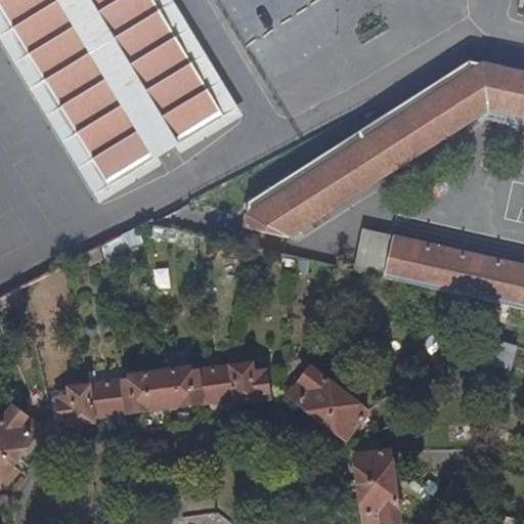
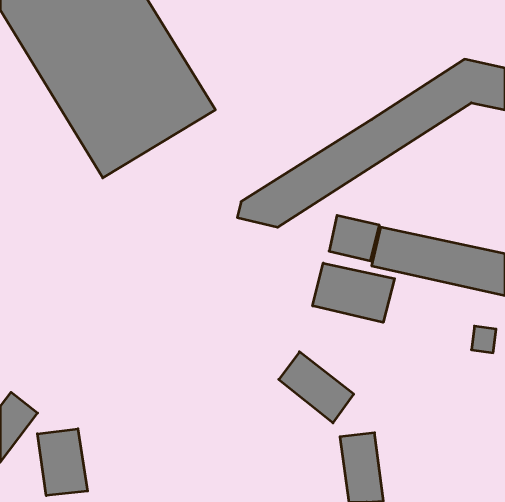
building: none -> [313,263,395,322]
building: [56,361,267,423] -> none
building: none -> [37,429,88,496]

